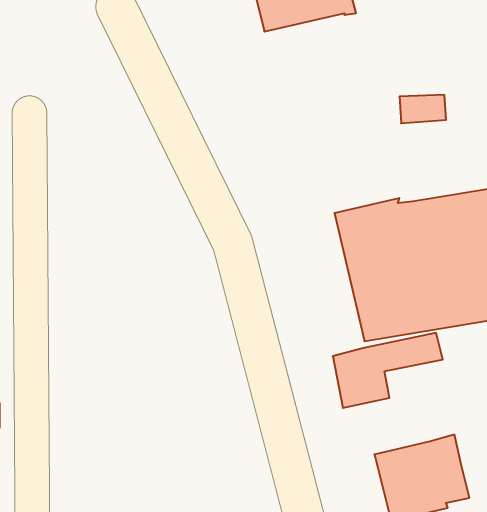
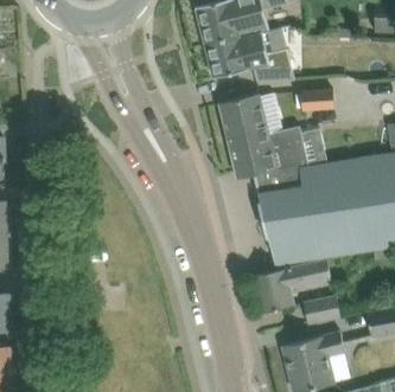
building: none -> [204,32,294,82]
building: none -> [219,94,310,179]
building: none -> [302,295,340,324]

